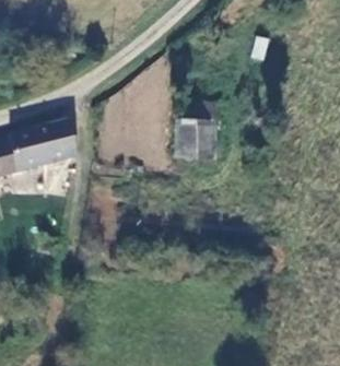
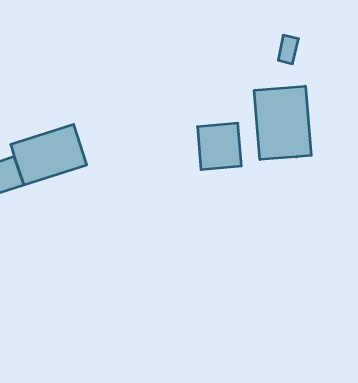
building: none -> [254,86,311,160]

